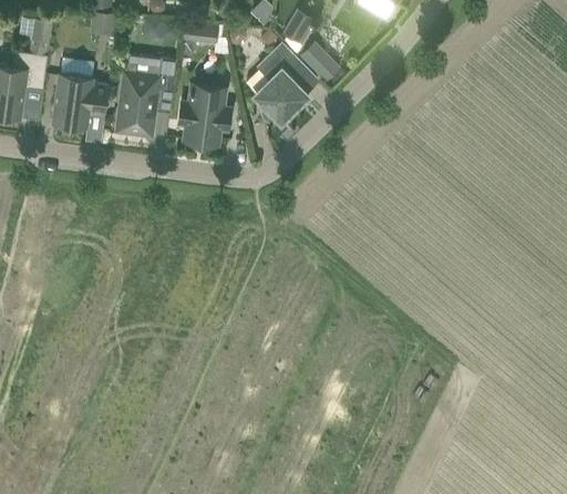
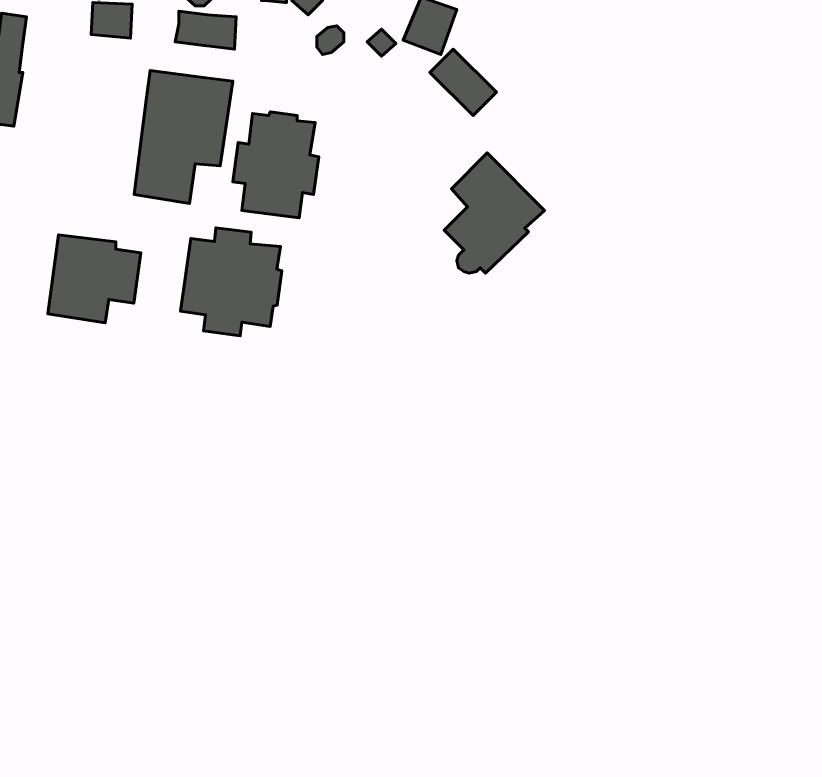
building: [182,21,218,42] -> none
building: [255,47,317,121] -> [444,153,545,273]
building: [51,73,109,127] -> [48,235,141,323]
building: none -> [180,228,282,336]

